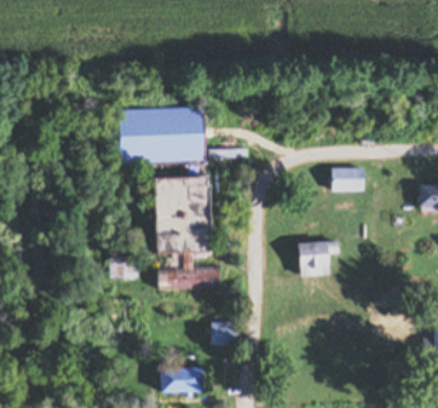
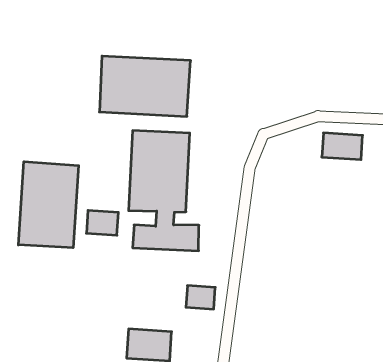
building: none -> [18,162,79,248]
building: [298,241,342,276] -> none

